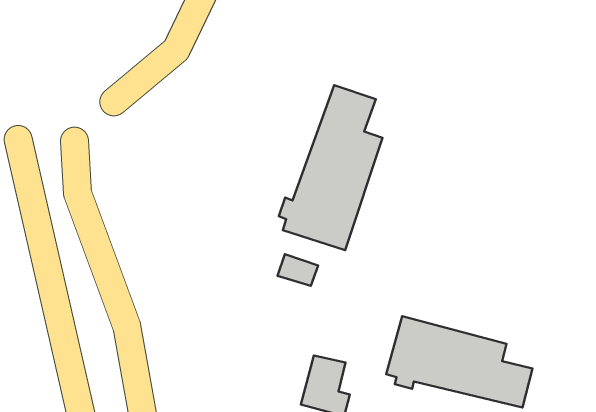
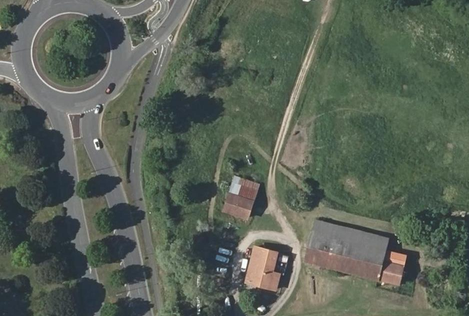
building: [279,85,382,250] -> none
building: none -> [224,192,252,217]

